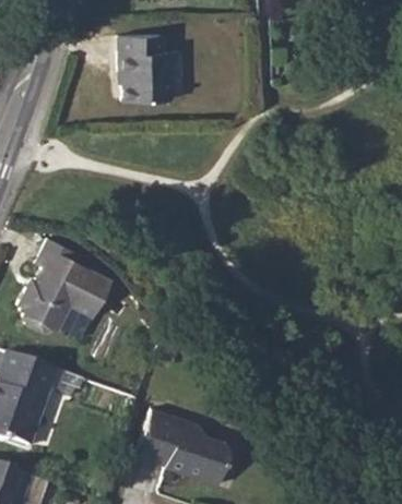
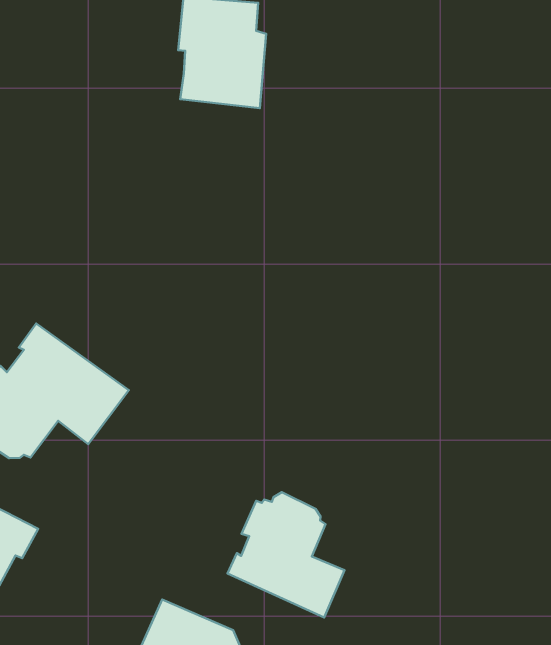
building: none -> [227,492,345,618]

